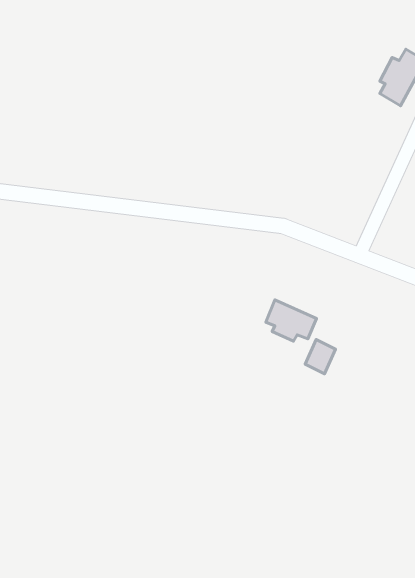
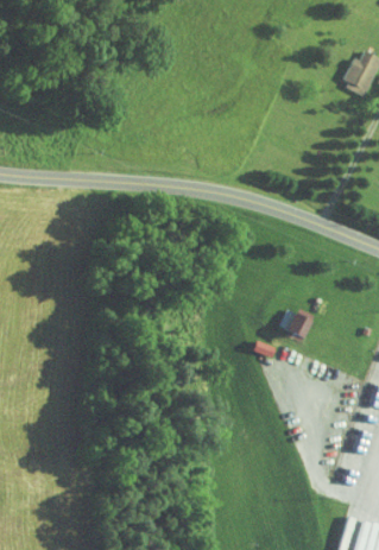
building: [266,300,317,341] -> none

